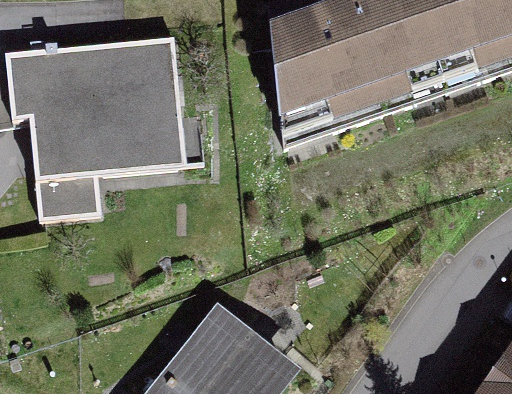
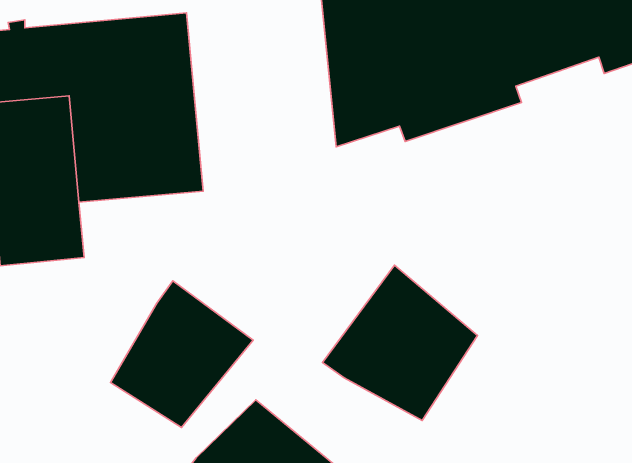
building: none -> [322,265,478,421]
building: none -> [110,281,253,427]

